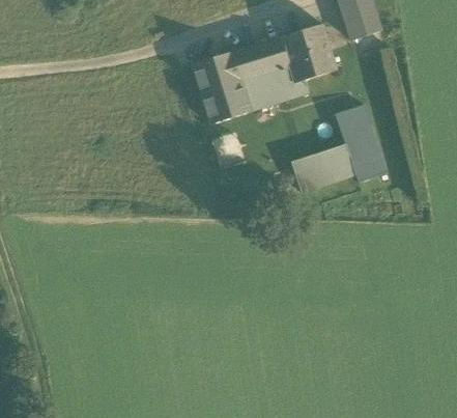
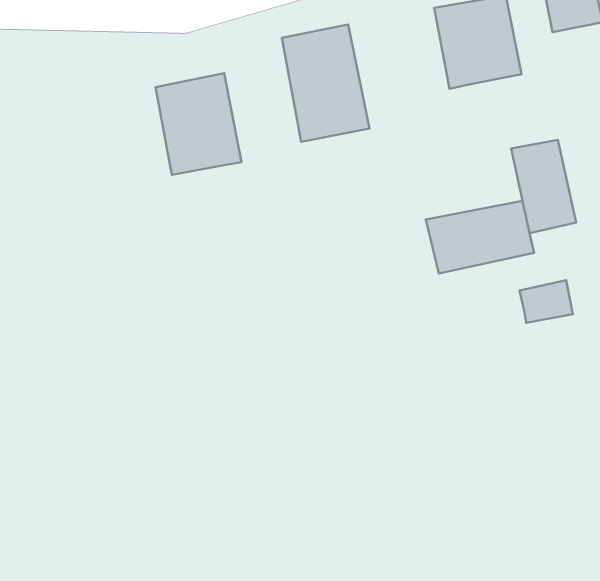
building: [231,35,309,111] -> none
building: none -> [156,73,241,175]
building: [352,152,385,180] -> [519,280,573,323]

